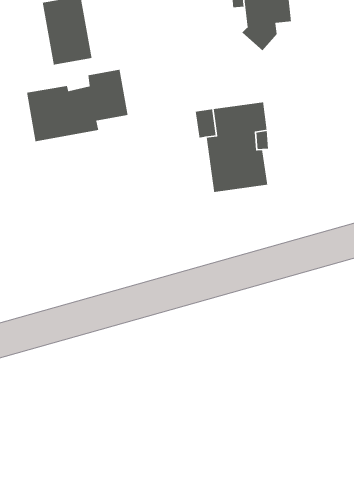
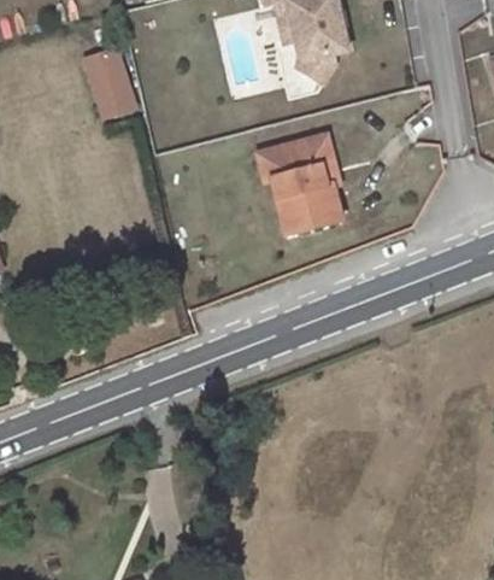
building: [26,69,129,142] -> none

